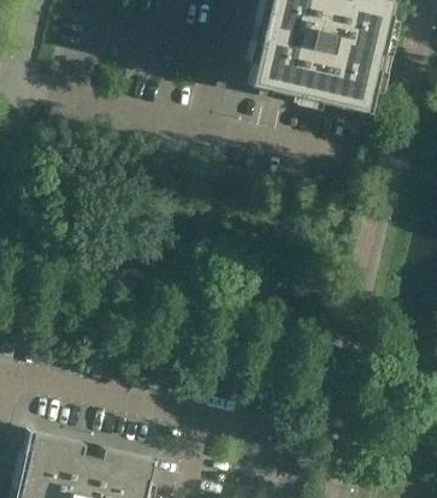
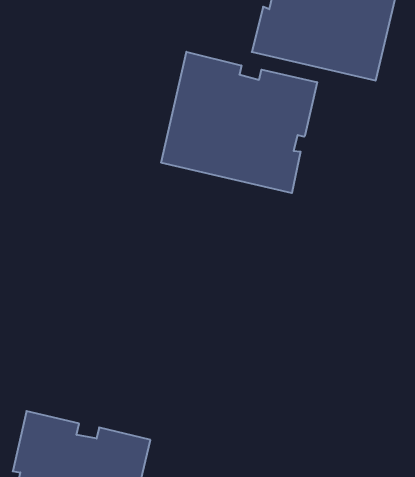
building: none -> [161,52,317,193]

